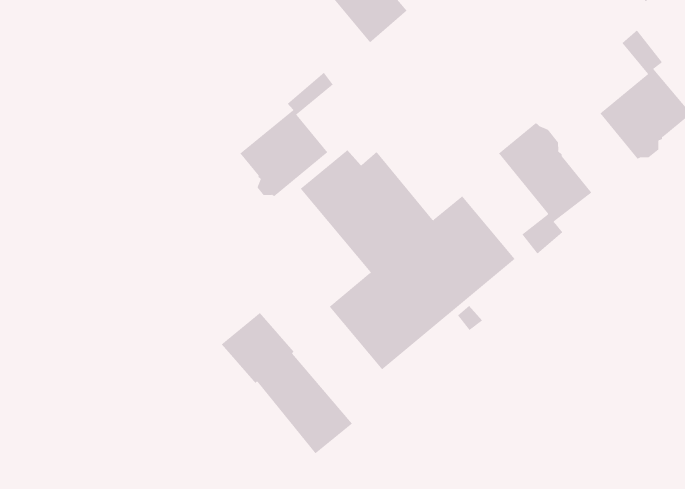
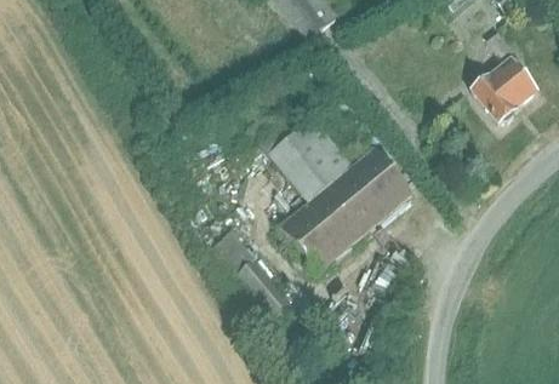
building: [239,72,334,197] -> none
building: [498,122,592,255] -> none

